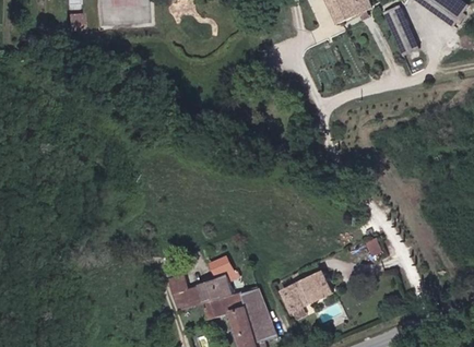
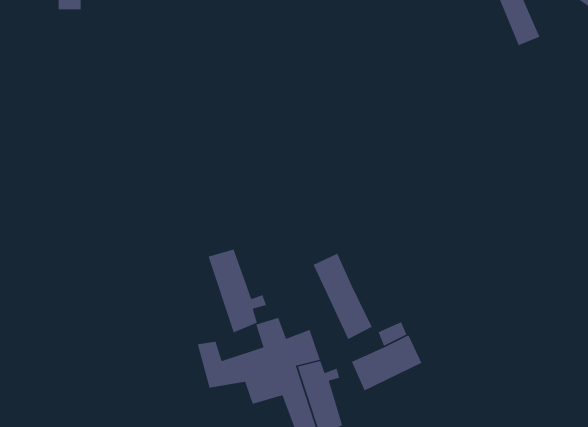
building: none -> [207,249,267,333]
building: none -> [313,253,373,340]

